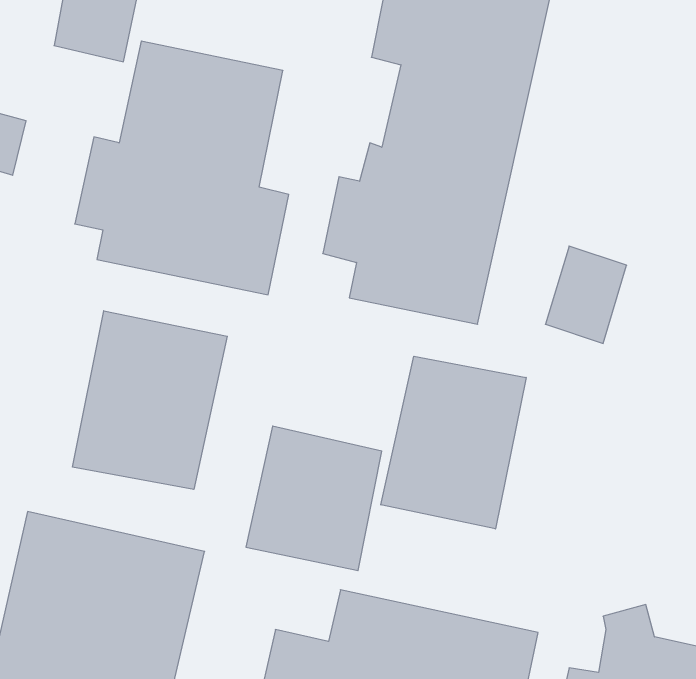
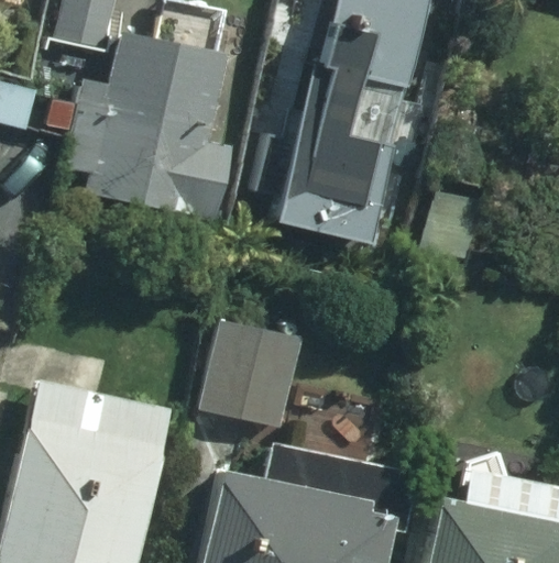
building: [73,311,227,489] -> none
building: [381,356,526,529] -> none

